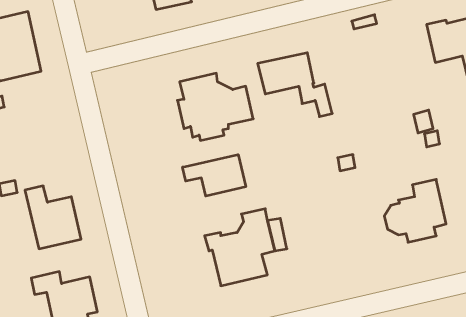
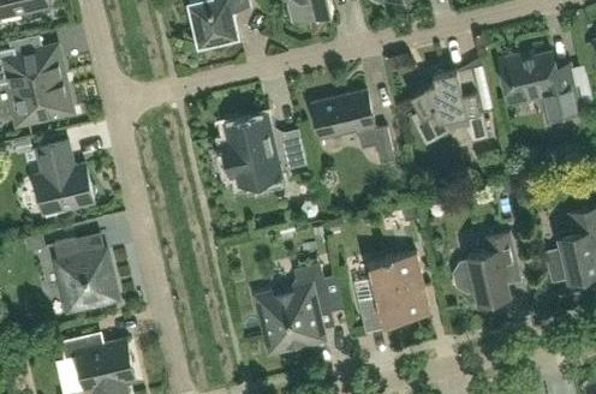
building: none -> [410,70,487,145]
building: none -> [35,143,95,219]
building: [183,155,246,196] -> none
building: none -> [353,253,429,326]

